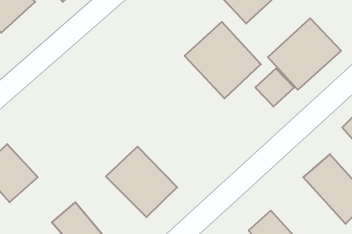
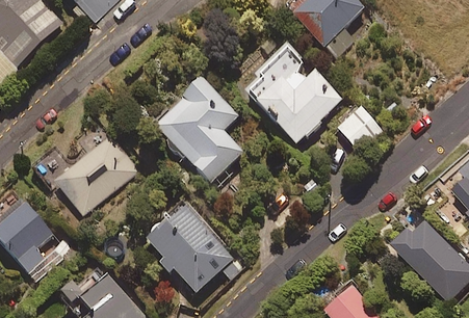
building: [268,18,341,90] -> none
building: none -> [151,77,243,184]
building: none -> [54,136,137,216]

